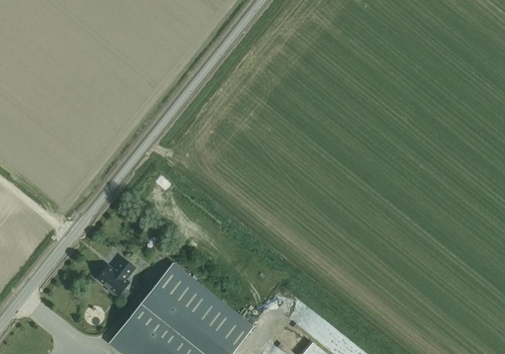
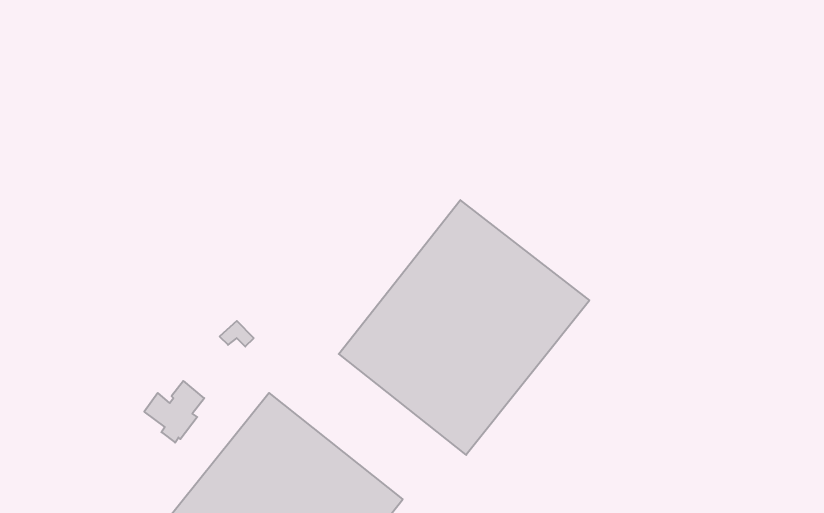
building: none -> [339,200,589,455]

